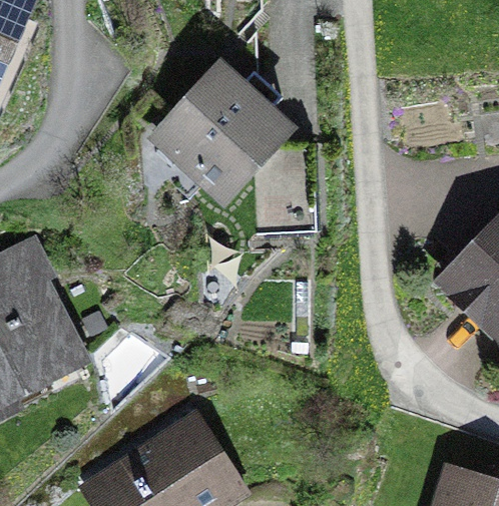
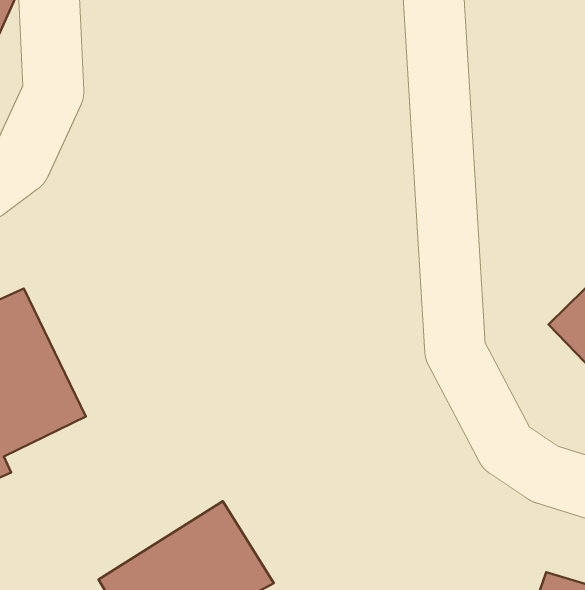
building: [165,74,283,191] -> none

